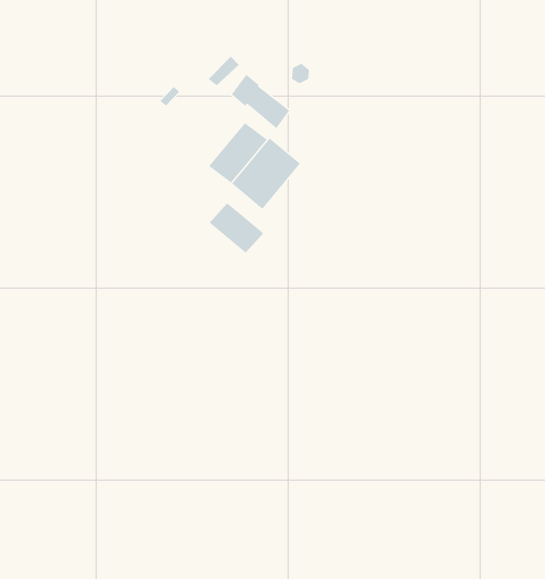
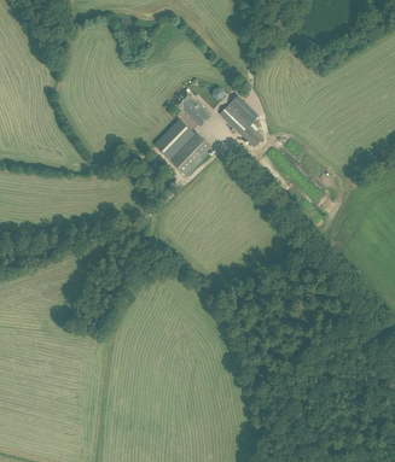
building: none -> [220,95,263,146]
building: [209,202,264,254] -> none

